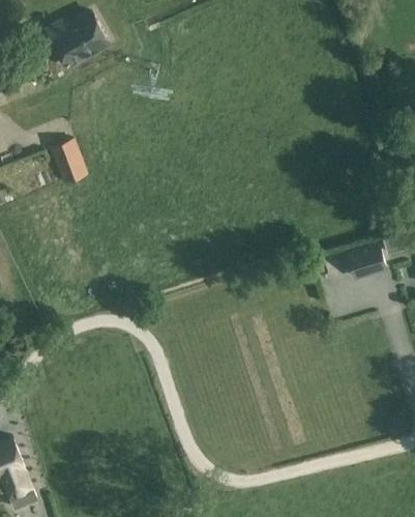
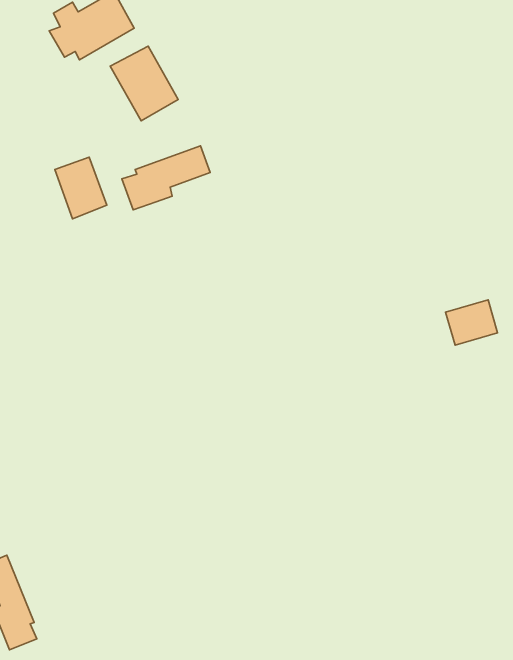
building: none -> [110,46,178,121]
building: none -> [122,146,210,210]

